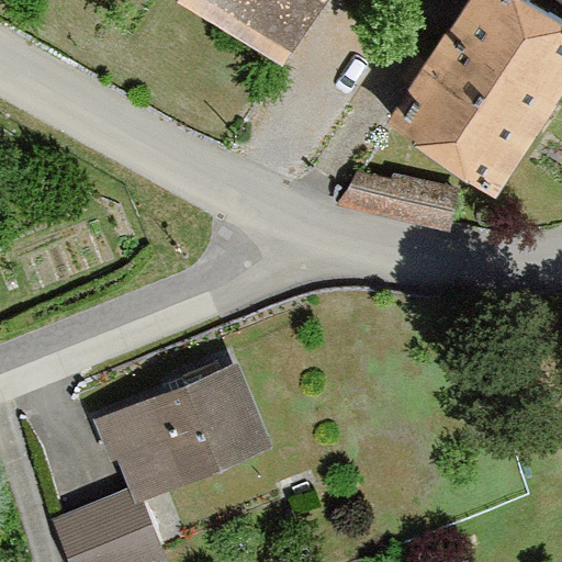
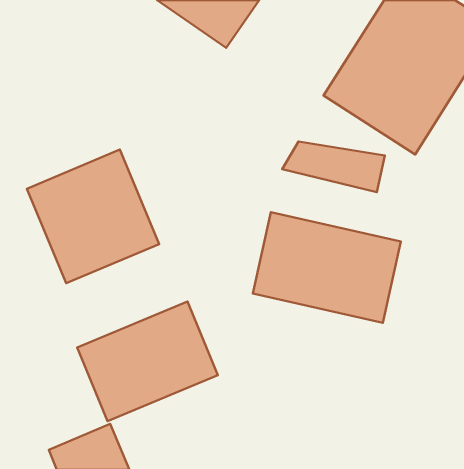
building: none -> [27,150,159,283]
building: none -> [253,212,401,323]

